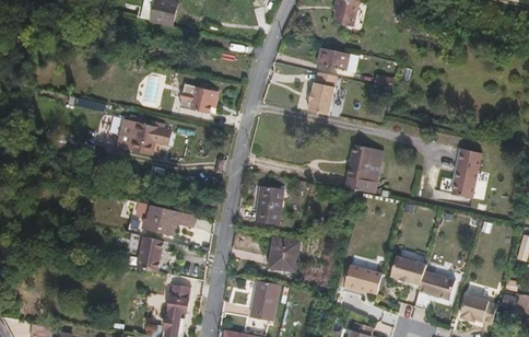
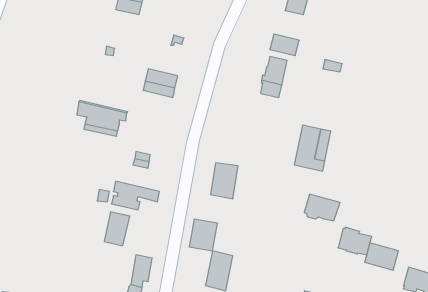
building: [451,149,482,199] -> none
building: [267,237,297,271] -> [189,219,218,251]
building: [344,264,383,292] -> [304,194,340,221]

